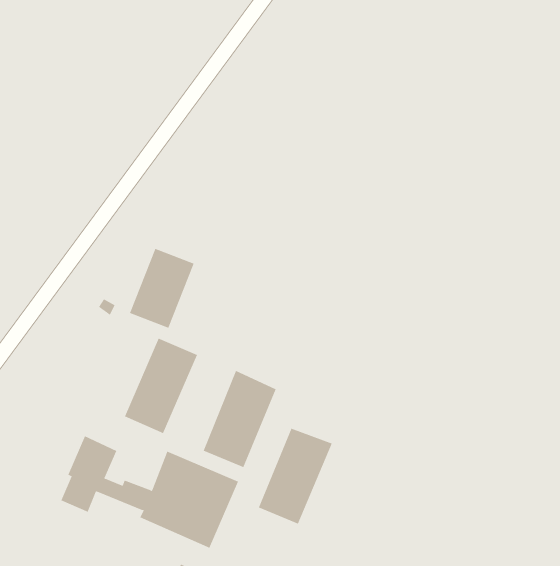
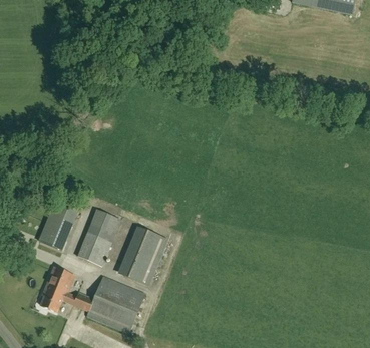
building: [129,248,194,329] -> [38,202,76,249]
building: [258,428,333,524] -> none

